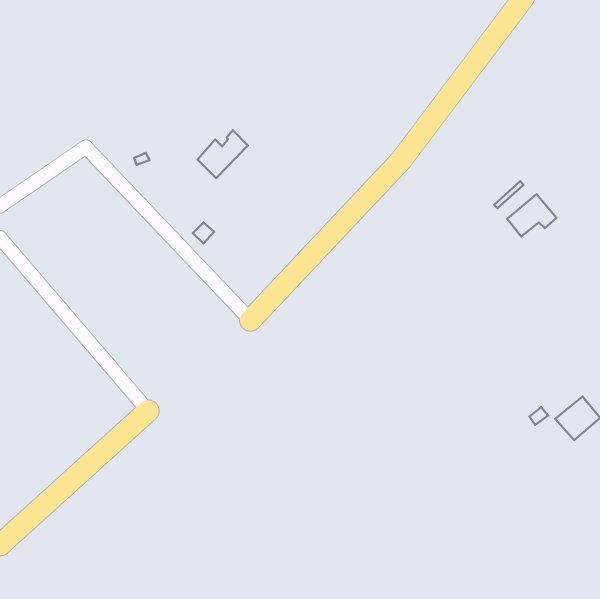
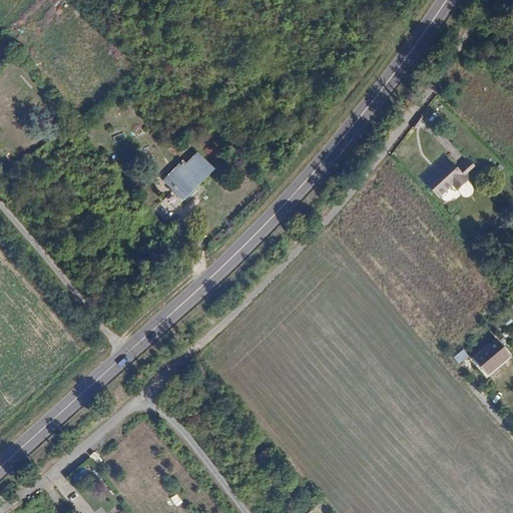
building: [197,130,248,178] -> [167,153,210,194]

